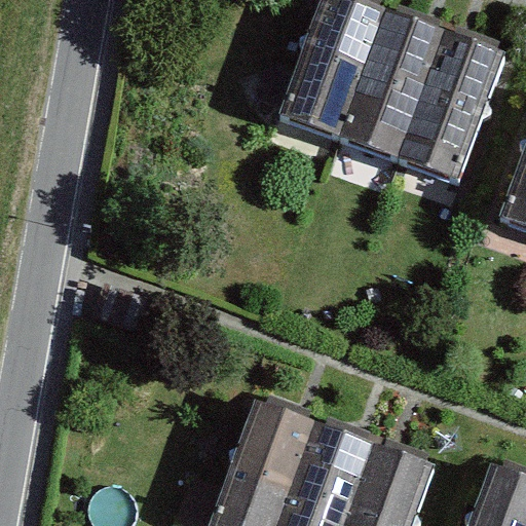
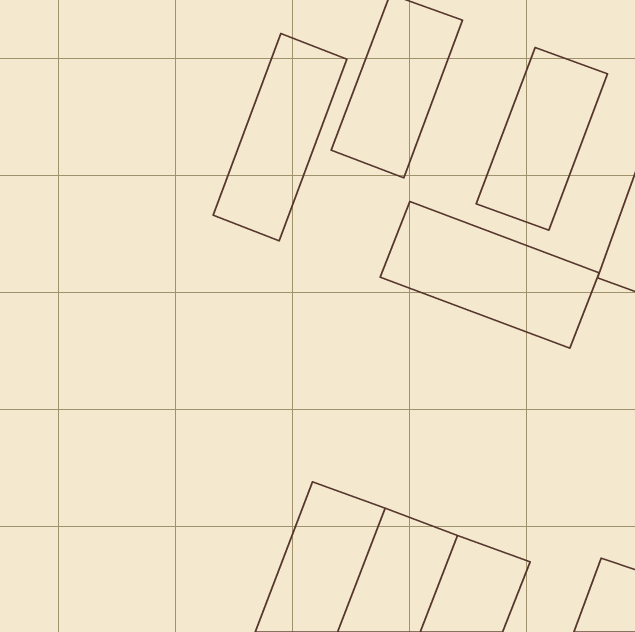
building: [335,16,443,167] -> none
building: none -> [213,33,347,241]
building: none -> [380,202,599,348]

